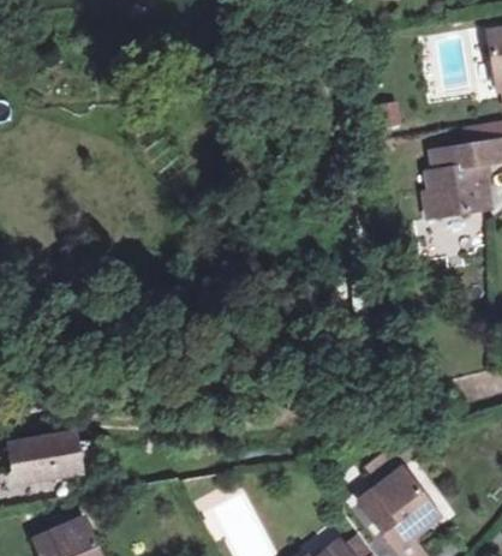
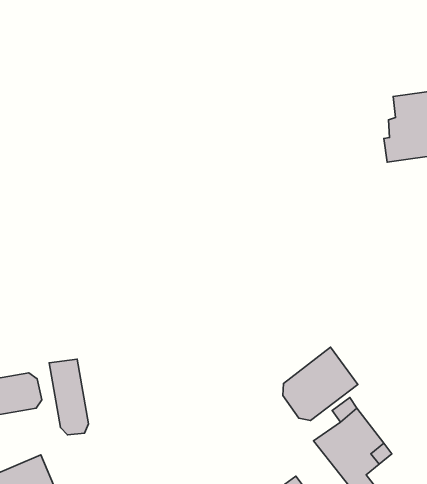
building: none -> [283,347,358,421]
building: none -> [49,359,89,435]

